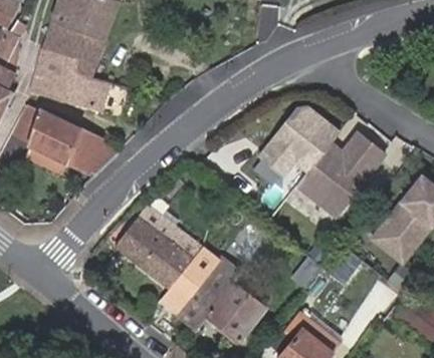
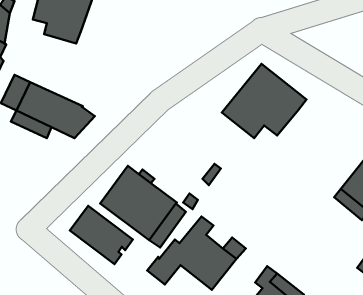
building: [33,46,113,110] -> none
building: [299,134,388,218] -> none
building: none -> [70,206,133,264]

